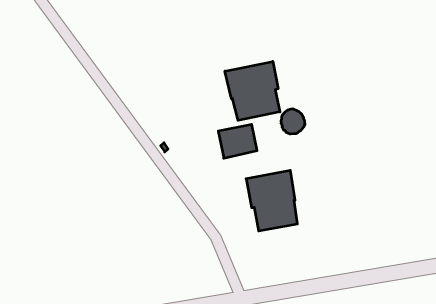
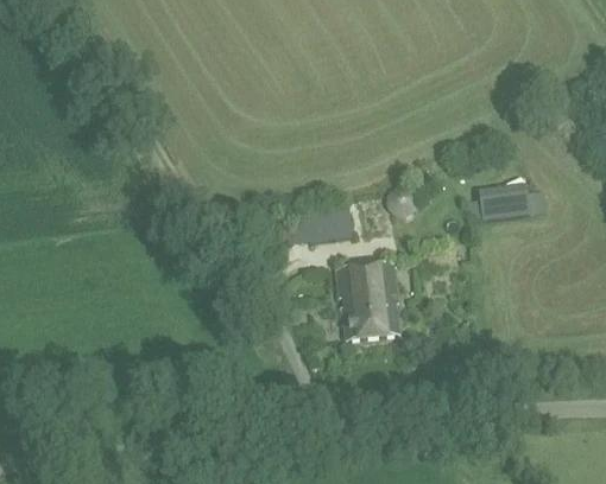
building: [225,61,280,120] -> none
building: none -> [478,183,545,217]

